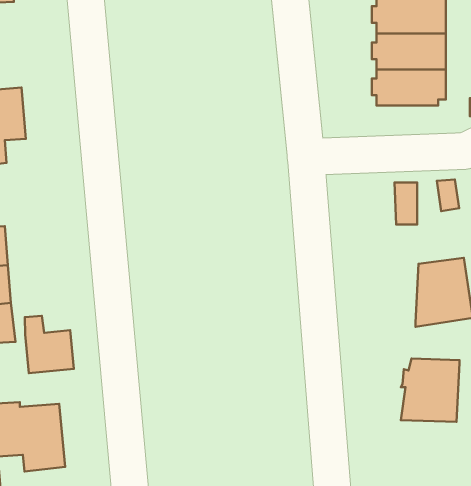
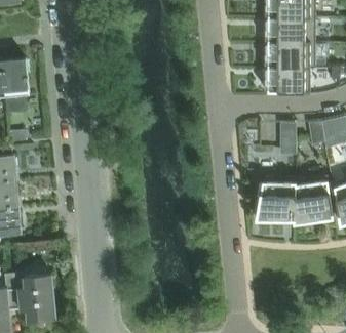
building: none -> [265,73,310,93]
building: [25,316,74,373] -> none
building: [401,359,460,422] -> [257,177,297,220]

